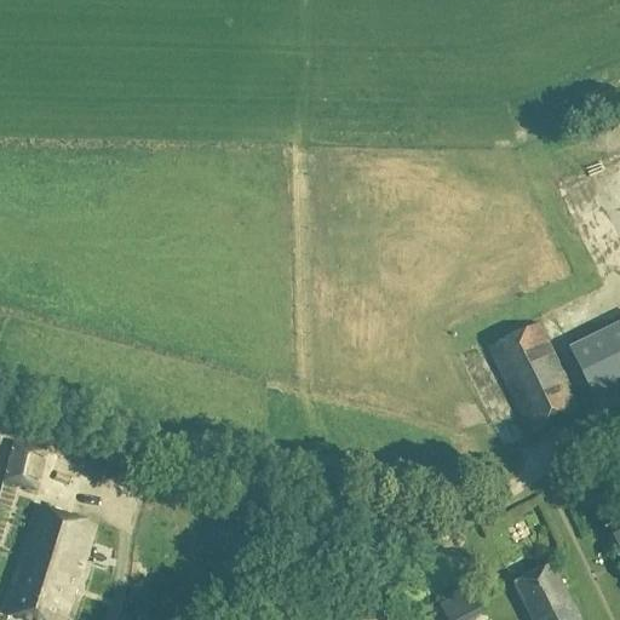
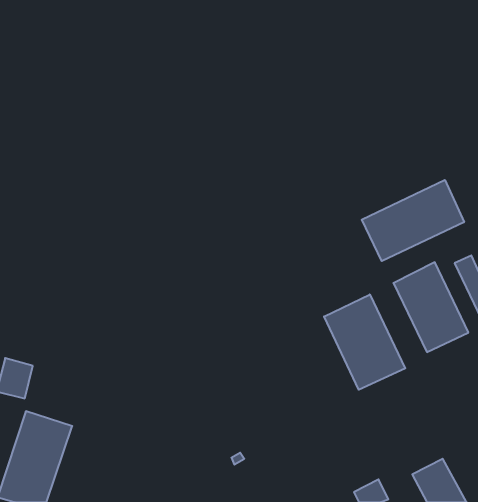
building: none -> [362,180,464,261]
building: none -> [324,294,405,390]

